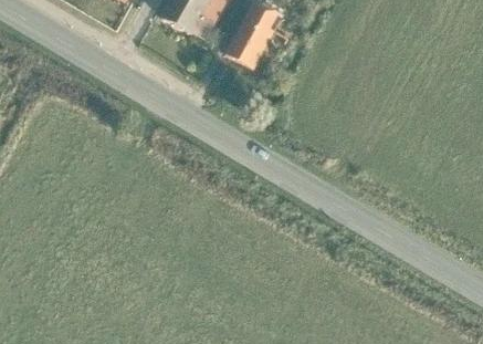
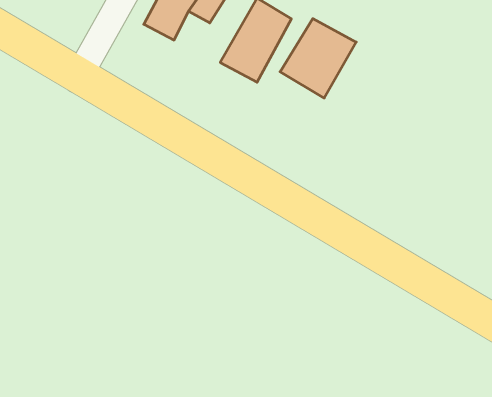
building: none -> [280,19,356,98]

